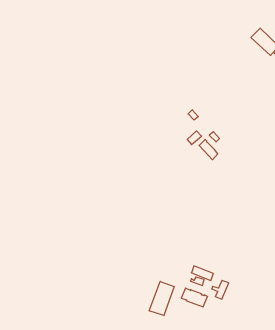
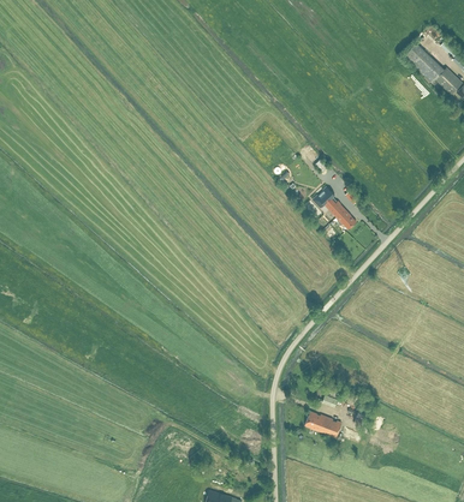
building: [149,281,174,316] -> none

